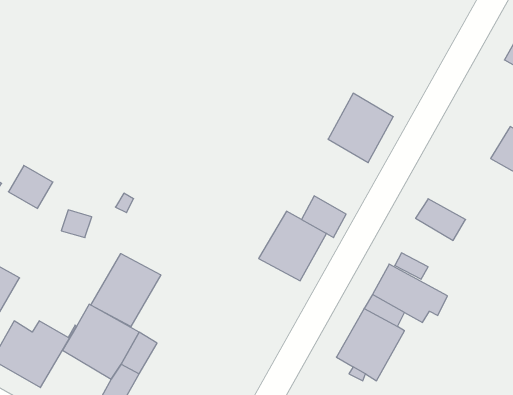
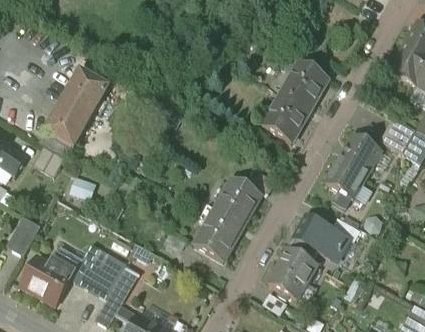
building: none -> [280,61,328,110]
building: none -> [43,69,108,148]
building: none -> [333,134,381,185]
building: [91,254,161,326] -> none
building: none -> [193,212,242,262]

